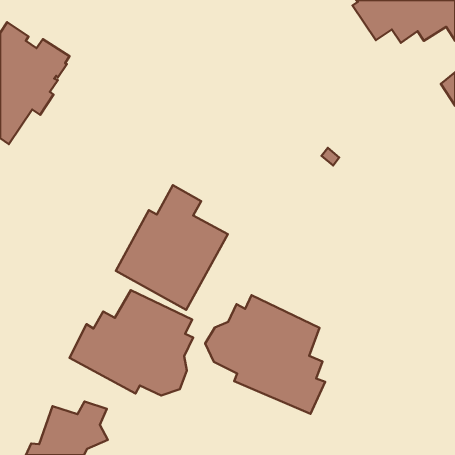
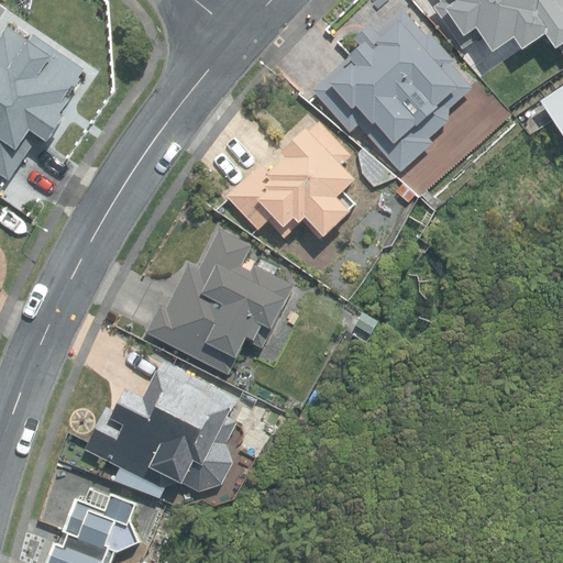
building: none -> [312,11,472,173]
building: none -> [223,125,349,241]
building: [205,295,325,414] -> none

